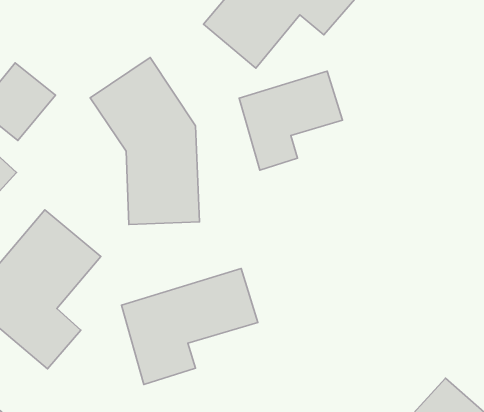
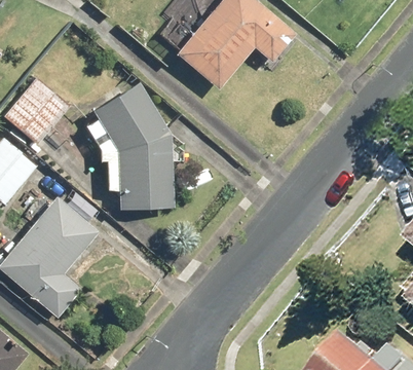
building: [239,71,342,170] -> none
building: [122,269,258,384] -> none

